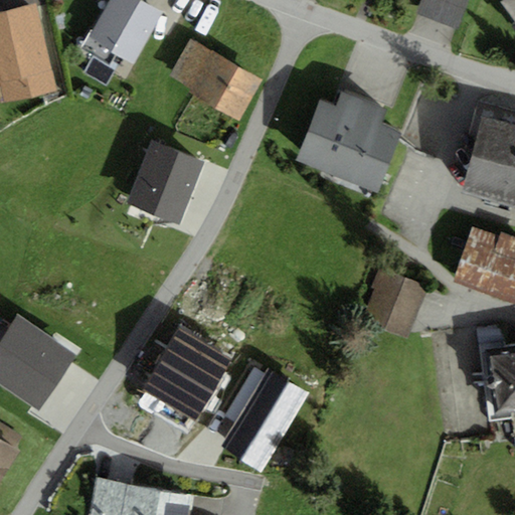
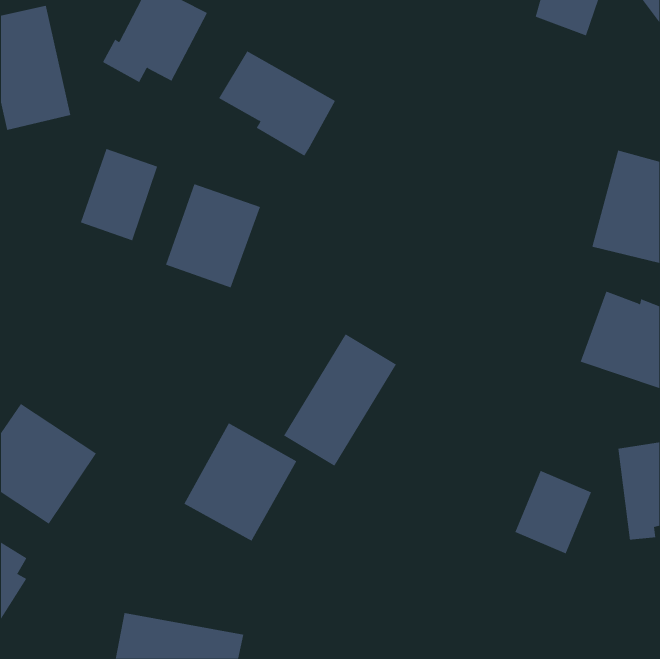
building: [296,91,401,193] -> none
building: none -> [80,148,158,241]
building: [369,272,430,337] -> [514,470,592,554]
building: [220,368,309,472] -> [283,333,397,467]

